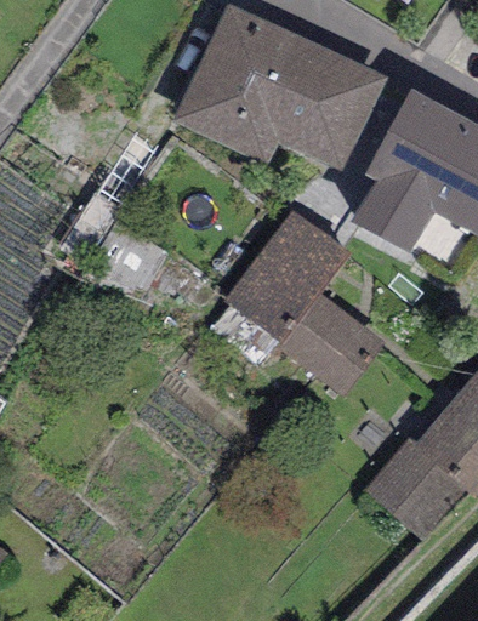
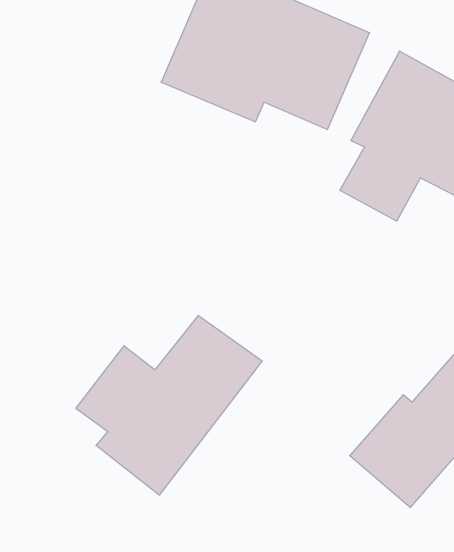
building: [222,207,386,395] -> none
building: none -> [76,315,262,495]

